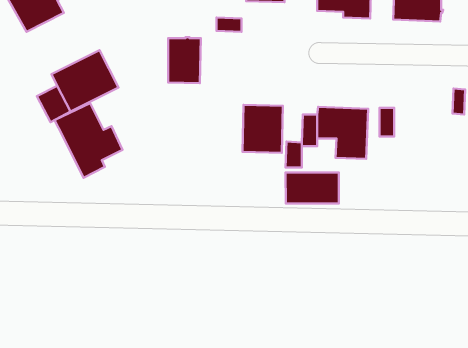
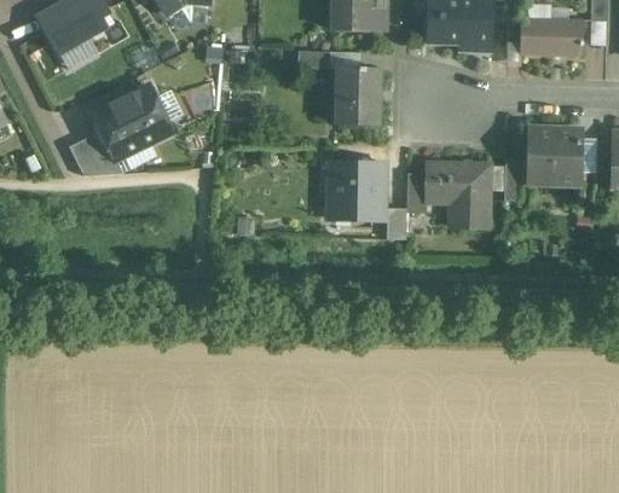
building: [168,37,201,83] -> [339,65,380,123]
building: none -> [527,127,582,182]
building: [54,103,122,178] -> none
building: [286,172,339,204] -> none

